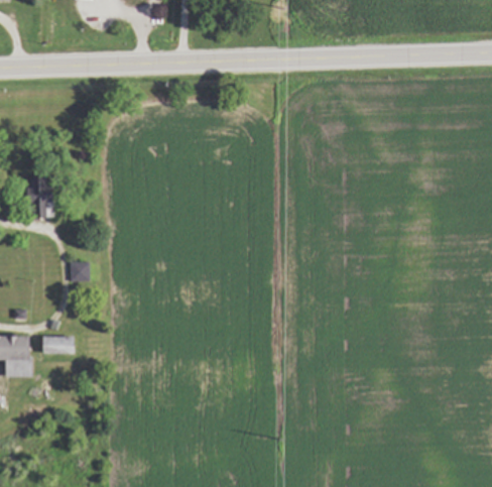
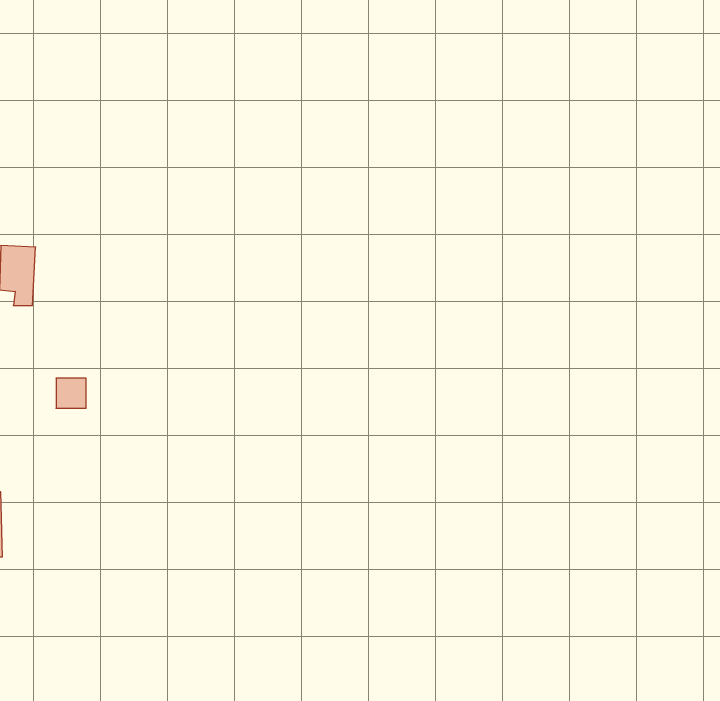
building: [42,336,76,354] -> none

